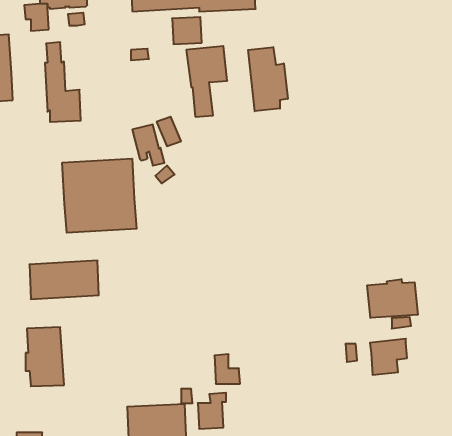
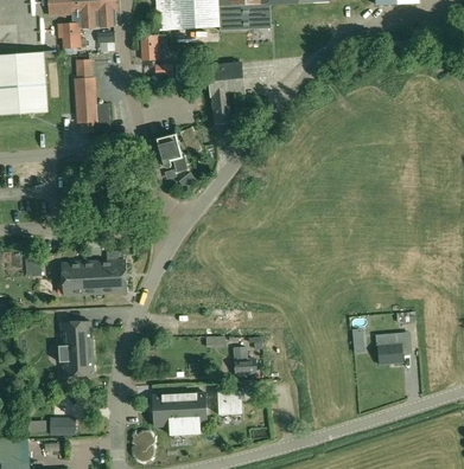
building: [172,17,202,44] -> [140,34,167,59]
building: [248,47,288,111] -> none
building: [62,159,137,233] -> none
building: [367,279,418,318] -> none

